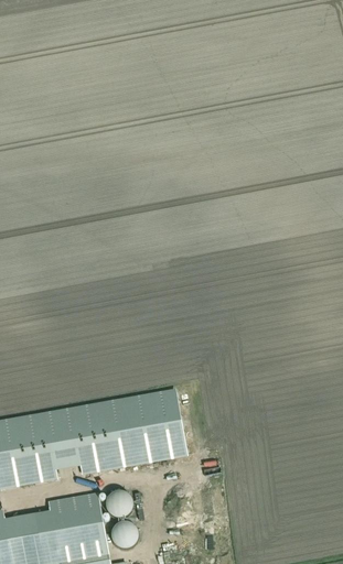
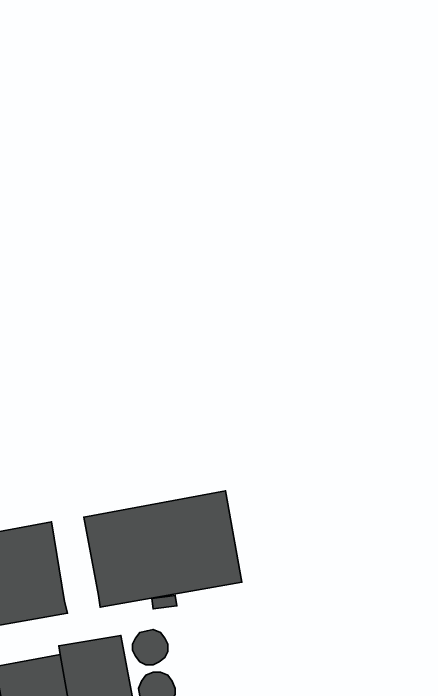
building: [45,408,81,470] -> none

